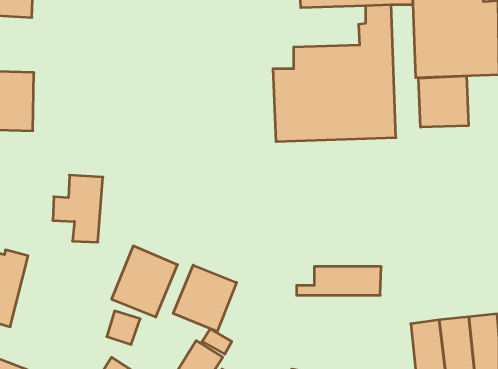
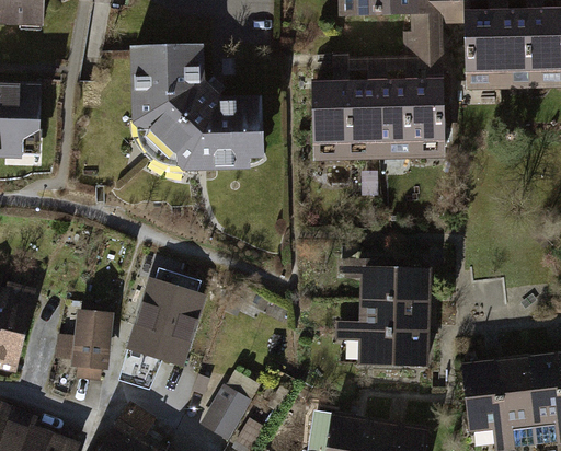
building: none -> [127,45,264,172]
building: [418,76,468,127] -> none
building: [53,175,103,242] -> [56,310,112,384]
building: none -> [355,265,430,301]
building: [173,265,237,332] -> none
building: none -> [335,333,428,368]

